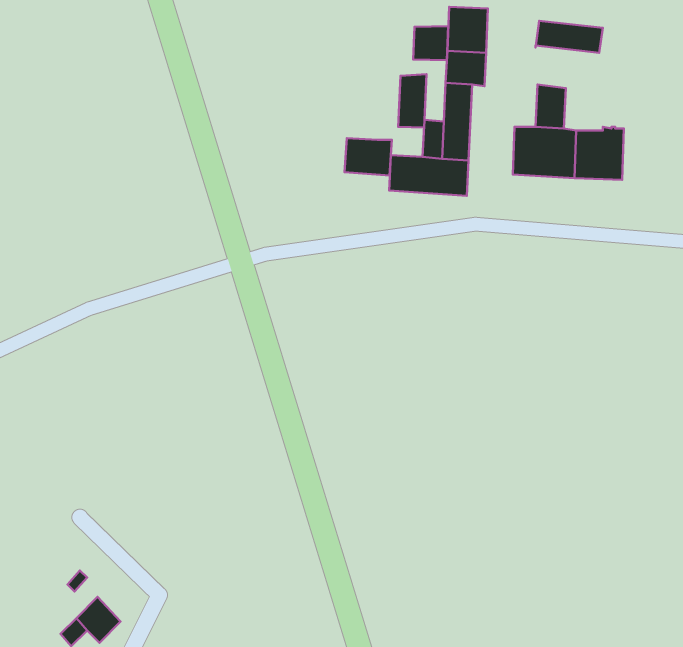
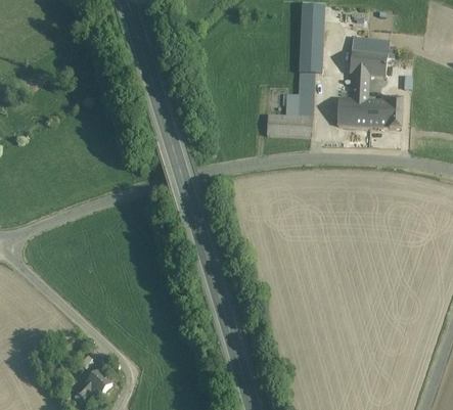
building: [413,26,448,60] -> none
building: none -> [349,50,388,77]
building: [398,74,427,127] -> none
building: [345,138,392,176] -> none

